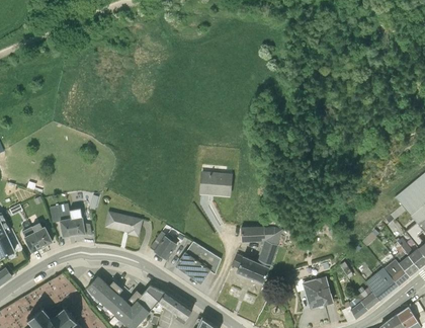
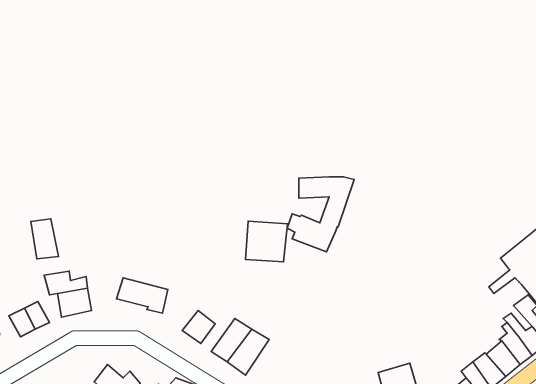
building: none -> [31,219,58,259]
building: [230,232,281,290] -> [287,177,354,252]

